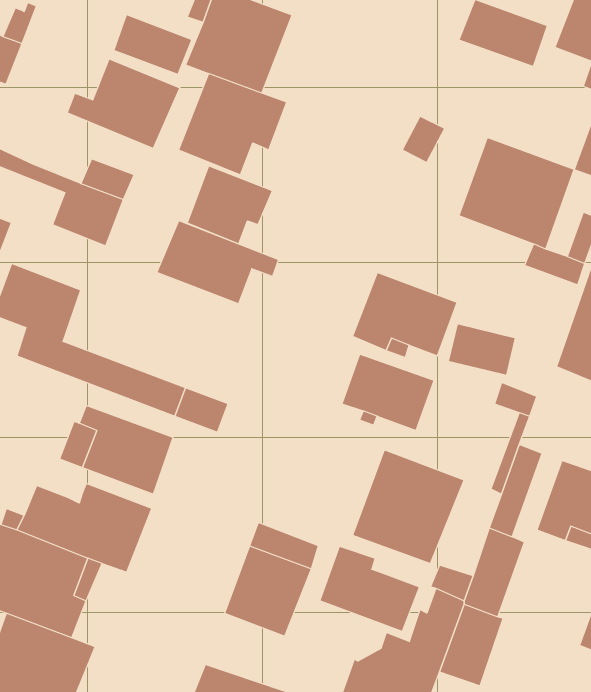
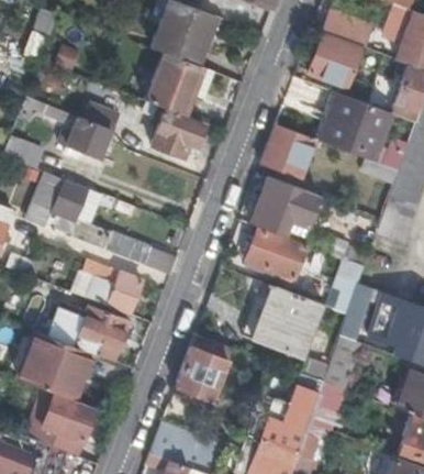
building: [114,14,192,75] -> none
building: none -> [309,37,360,89]
building: [67,59,180,149] -> none
building: none -> [260,125,314,179]
building: [157,221,278,304] -> none
building: [320,546,420,632] -> none

